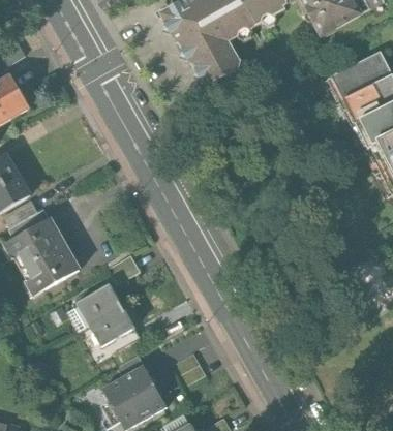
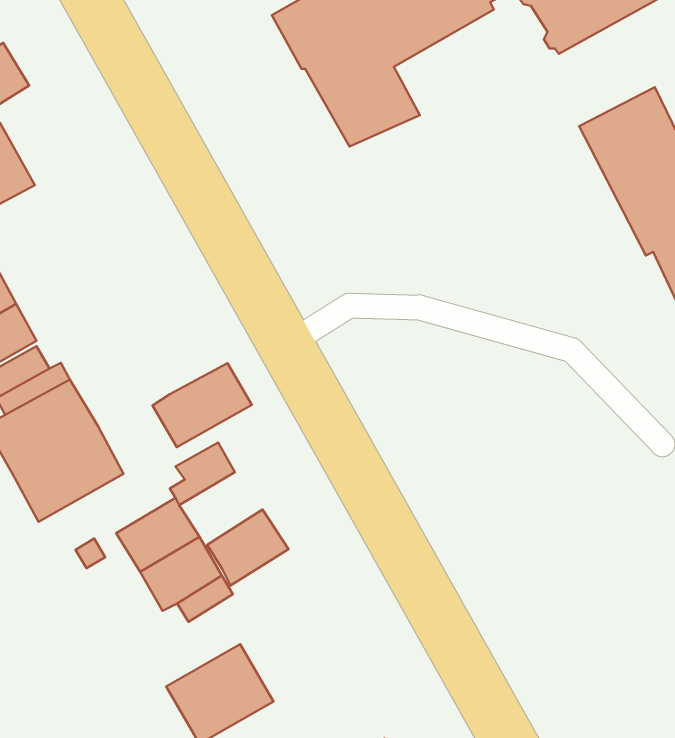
building: none -> [152,363,252,447]
building: none -> [207,509,289,585]

